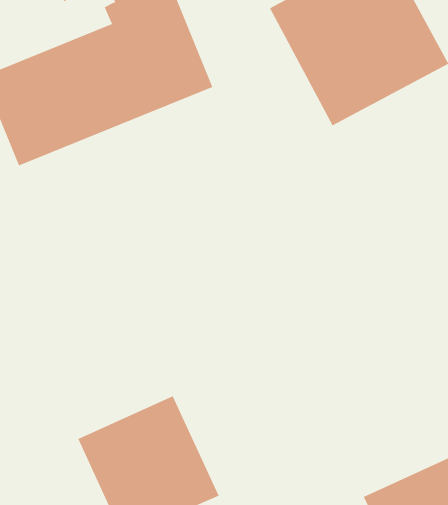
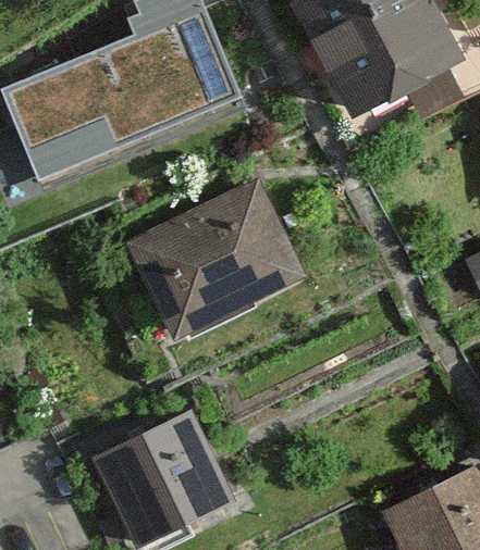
building: none -> [126,173,310,350]

